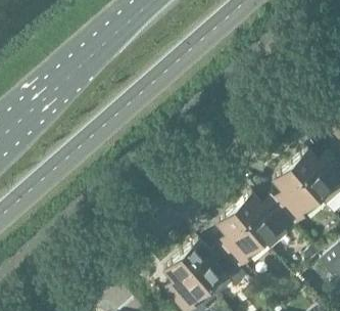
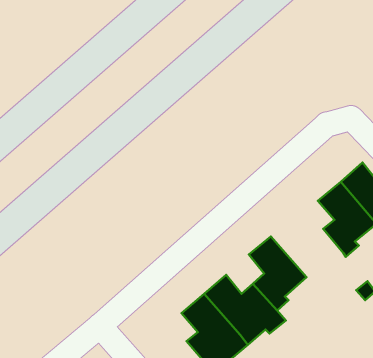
building: [233,194,291,251] -> none

